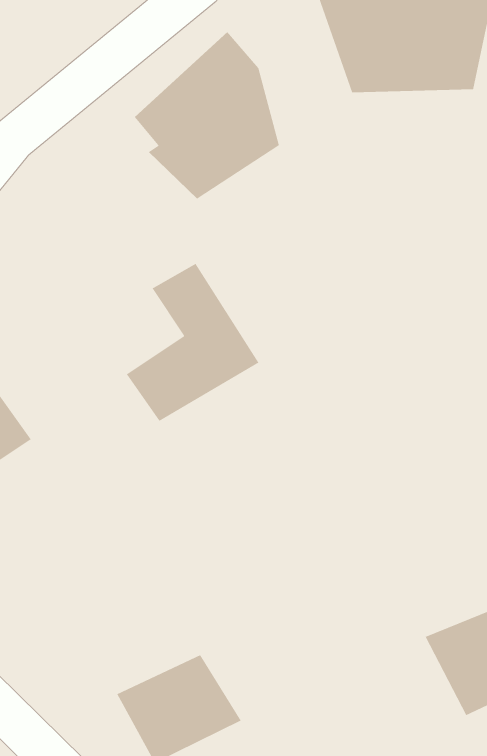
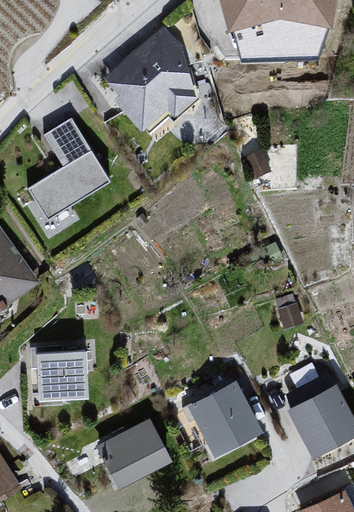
building: [126,263,259,422] -> [27,120,111,220]
building: none -> [32,349,90,401]
building: none -> [186,380,265,455]

